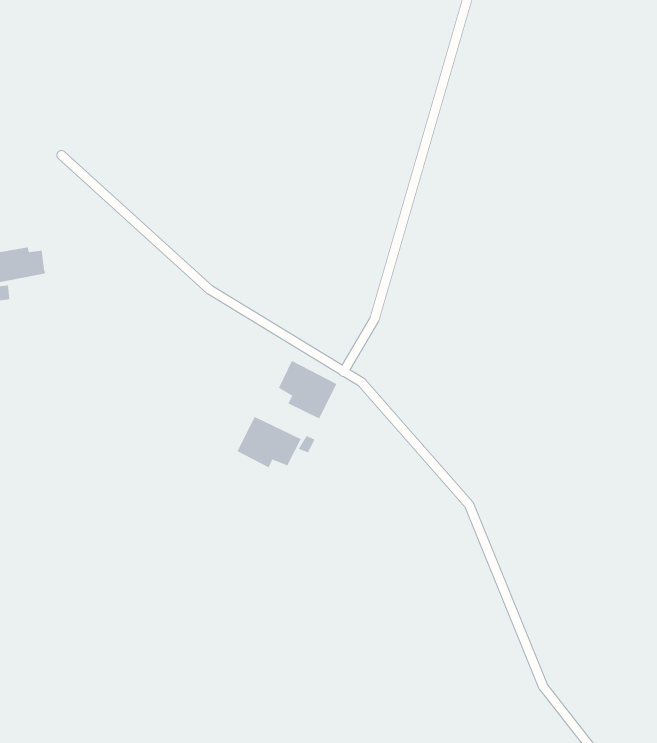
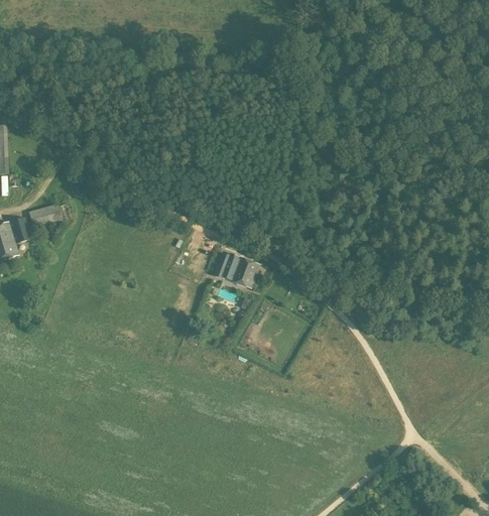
building: [237,416,302,468] -> none

